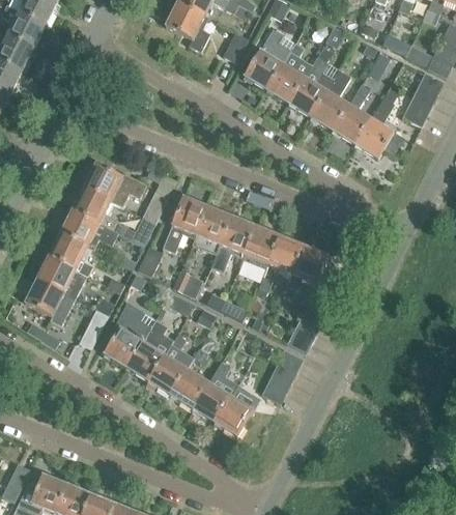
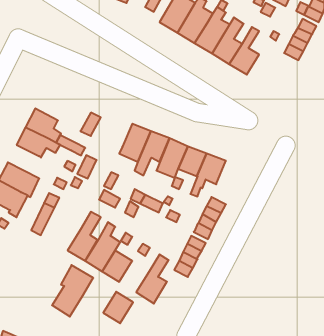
building: [355,96,396,156] -> none
building: [84,164,147,207] -> none
building: [162,196,208,252] -> none
building: [49,233,93,277] -> none
building: [103,303,155,369] -> [52,265,93,317]
building: [192,382,230,423] -> [103,292,133,323]

